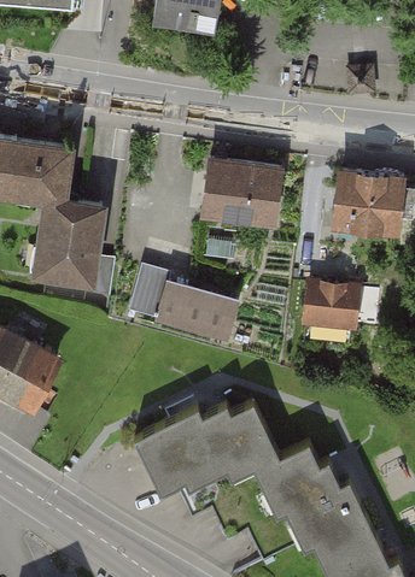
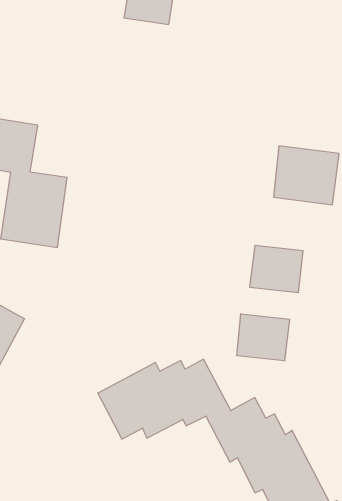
building: [198,158,280,228] -> none
building: [130,266,236,342] -> none
building: none -> [237,314,289,361]

